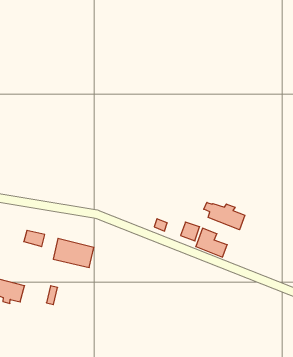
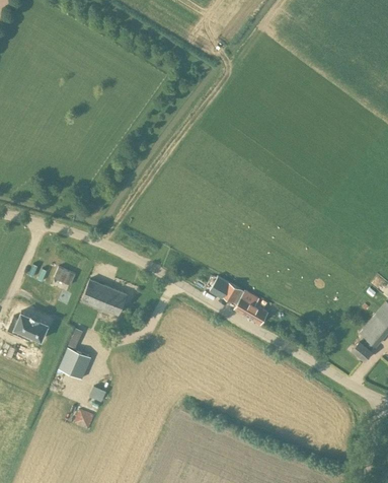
building: [204,202,245,230] -> none
building: none -> [58,347,91,378]

